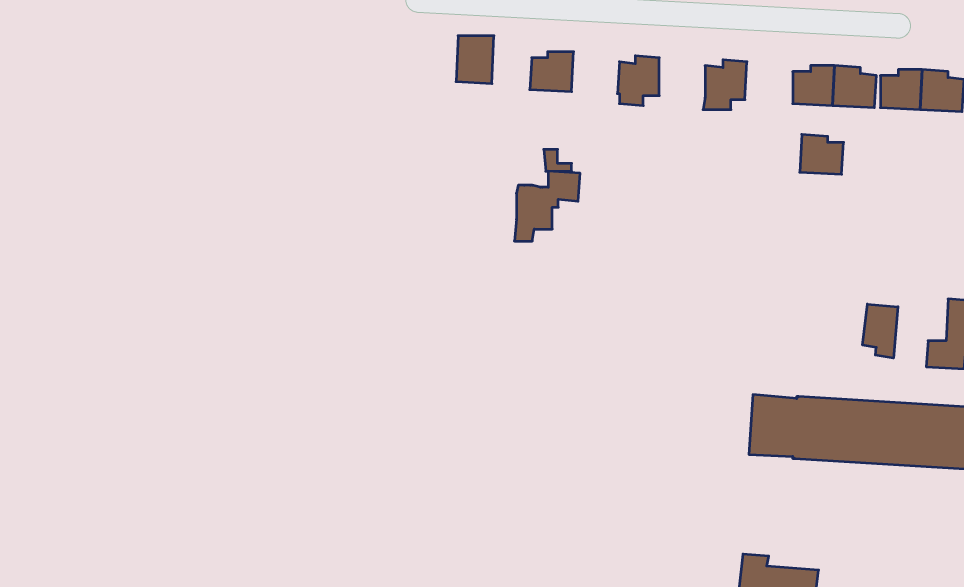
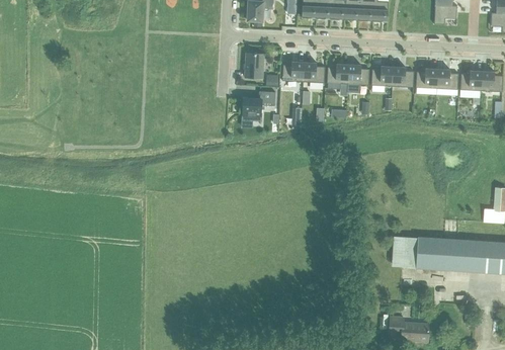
building: none -> [304,62,325,83]
building: none -> [347,65,369,93]
building: [800,134,844,174] -> [392,67,414,87]
building: [514,171,580,241] -> [242,91,275,126]
building: [863,304,898,358] -> none

